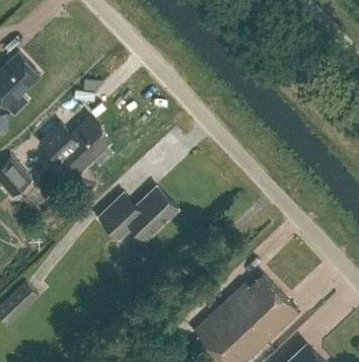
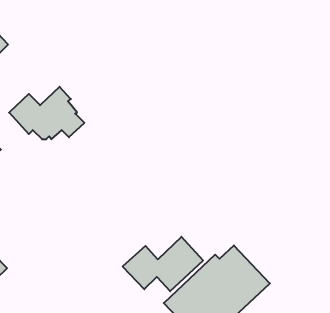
building: [98,189,177,242] -> [123,237,203,291]

